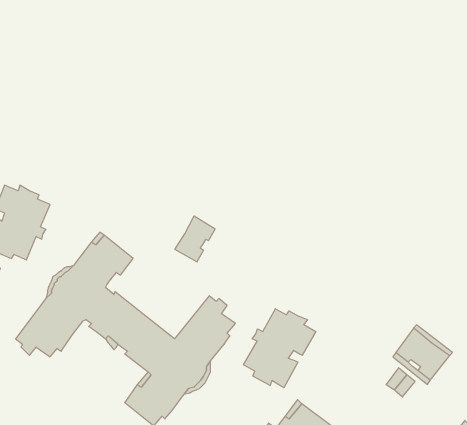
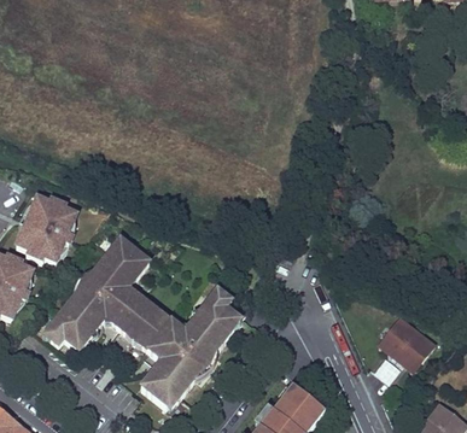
building: [175,216,215,262] -> none
building: [244,309,316,388] -> none

